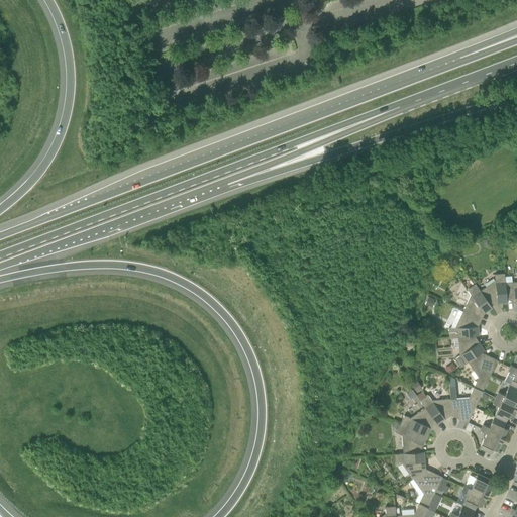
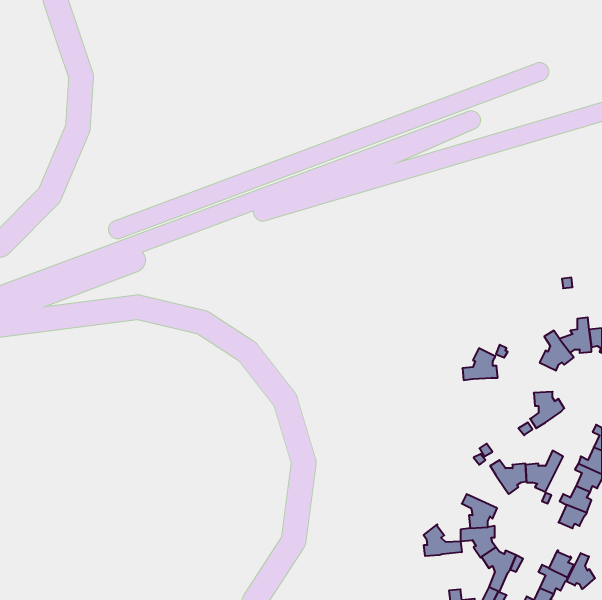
building: [448,312,479,339] -> [462,348,498,380]
building: [468,354,497,393] -> none
building: [400,409,433,437] -> none
building: none -> [424,524,462,556]
building: none -> [567,553,595,589]

